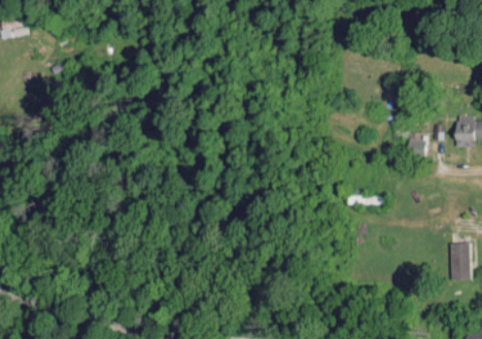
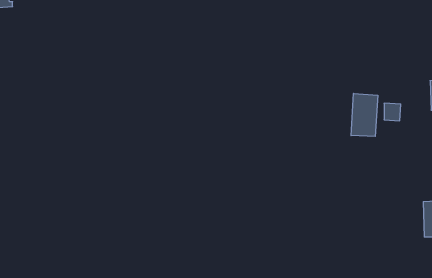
building: none -> [351,93,378,136]

